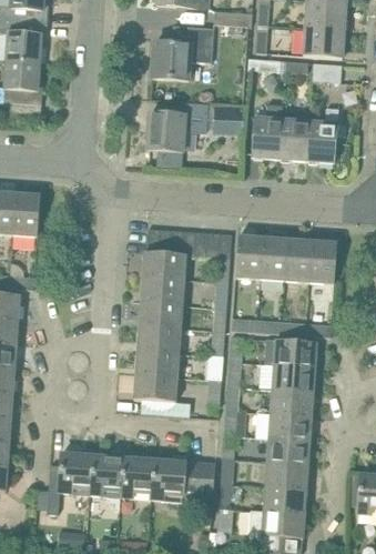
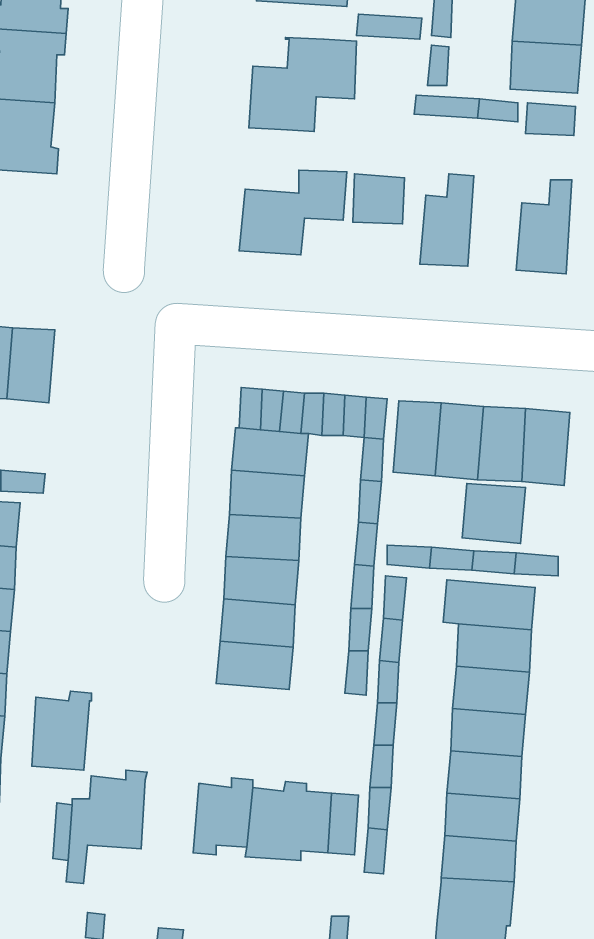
building: [278,105,309,160] -> none
building: none -> [462,483,525,544]
building: [90,451,124,496] -> [32,691,92,770]

